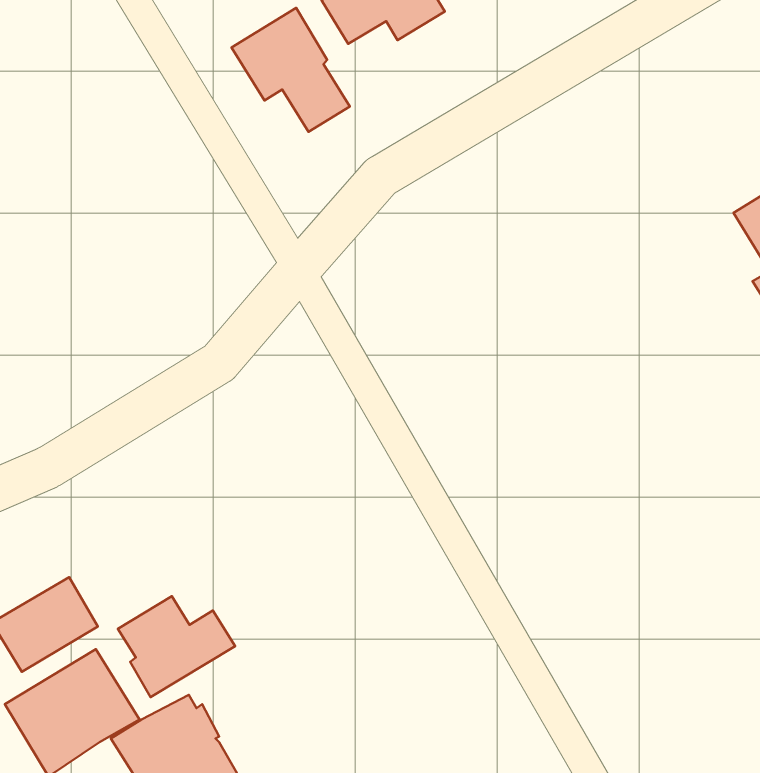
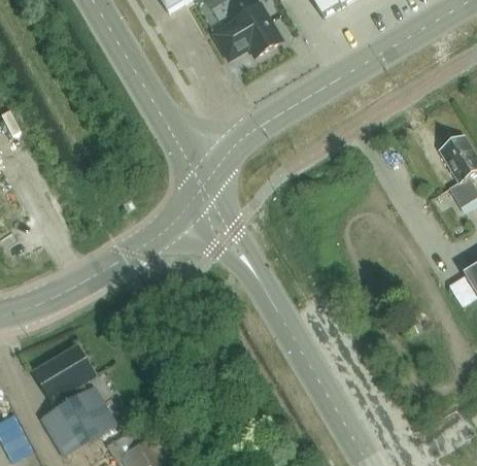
building: [232,8,350,132] -> none
building: [118,596,235,697] -> none

